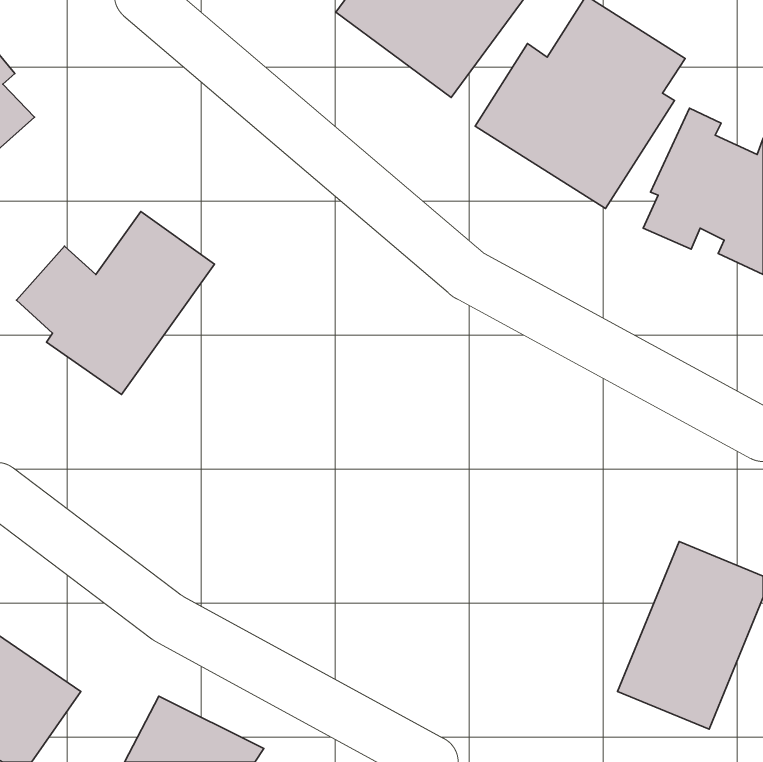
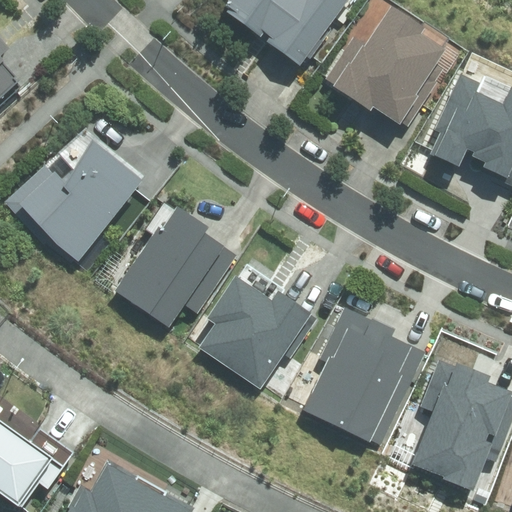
building: none -> [113,204,234,330]
building: none -> [202,282,305,387]
building: none -> [307,311,426,445]

